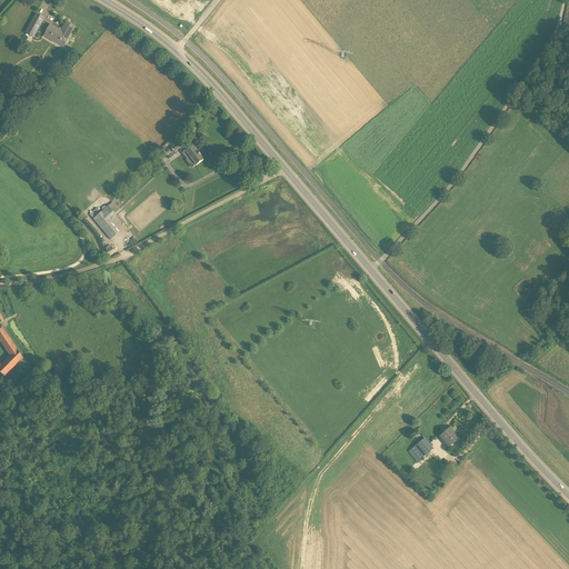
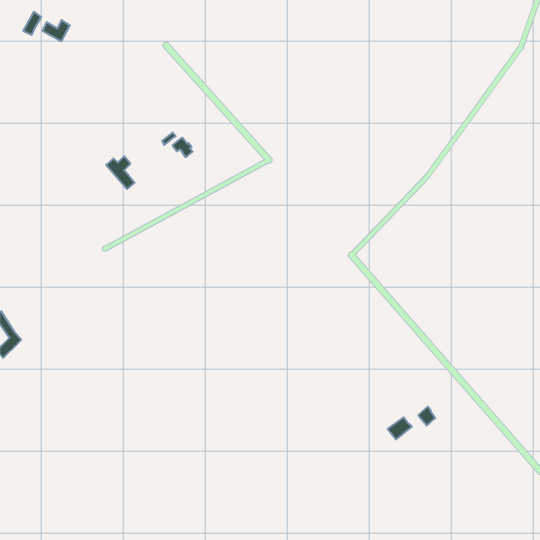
building: [88,204,118,239] -> [106,156,135,189]

